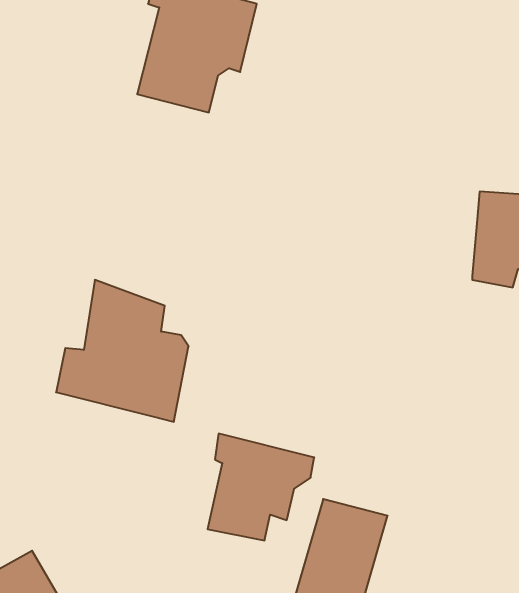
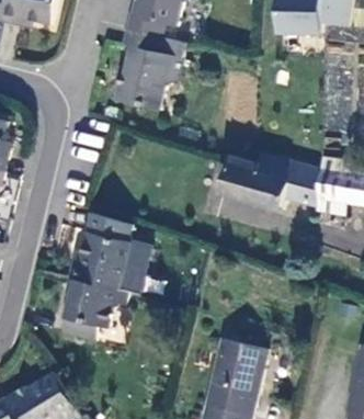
building: none -> [218,152,318,208]
building: [208,434,314,540] -> [60,275,124,339]

